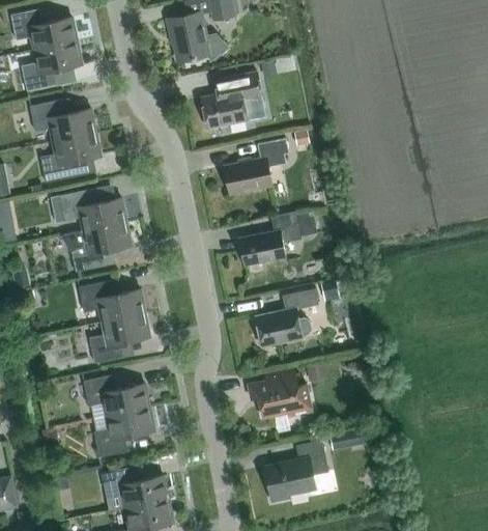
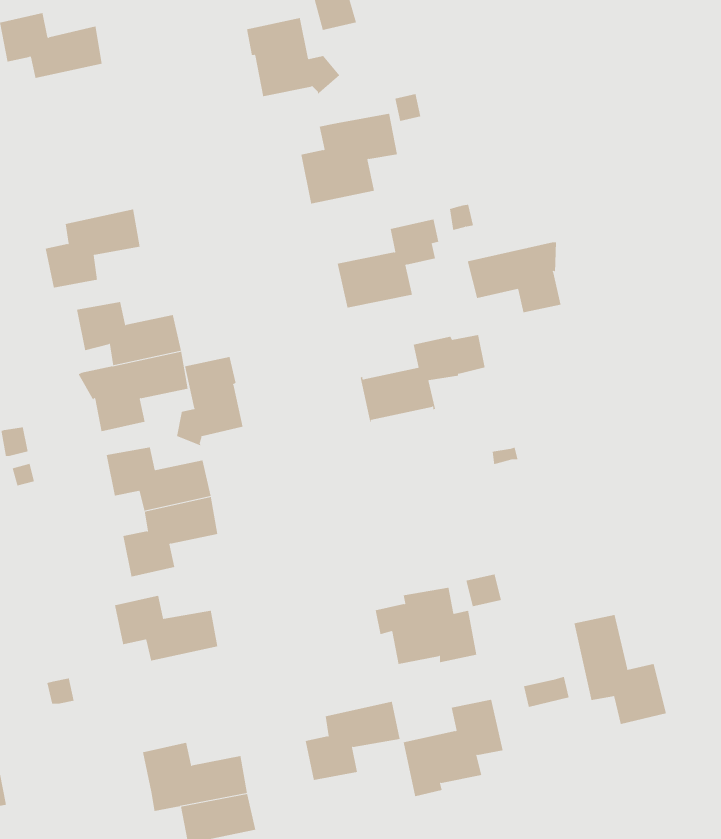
building: [22,41,82,91] -> none
building: [30,101,96,142] -> none
building: none -> [467,242,561,313]
building: none -> [177,356,243,447]
building: [255,290,318,347] -> none
building: none -> [574,614,667,725]
building: [94,408,154,457] -> [305,701,401,780]

